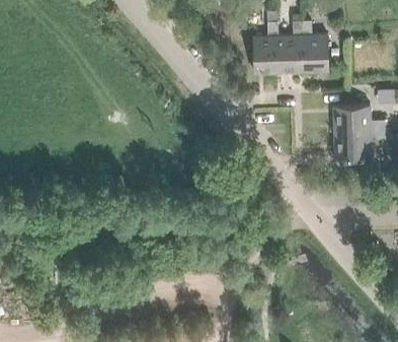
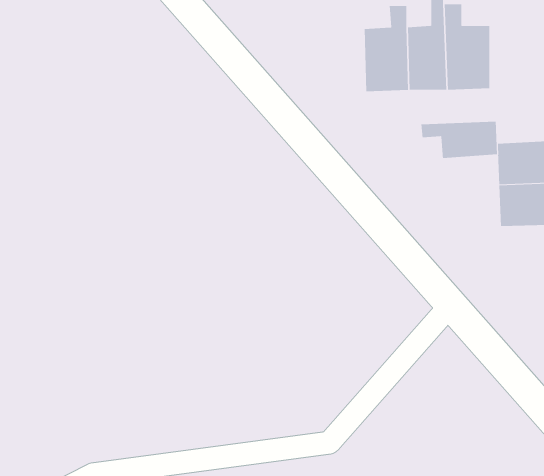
building: none -> [421,121,497,159]

